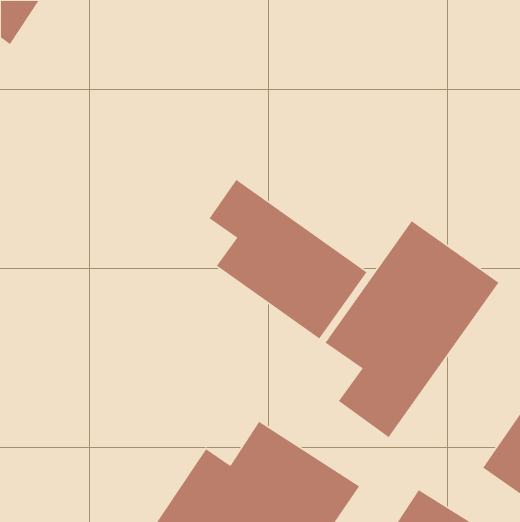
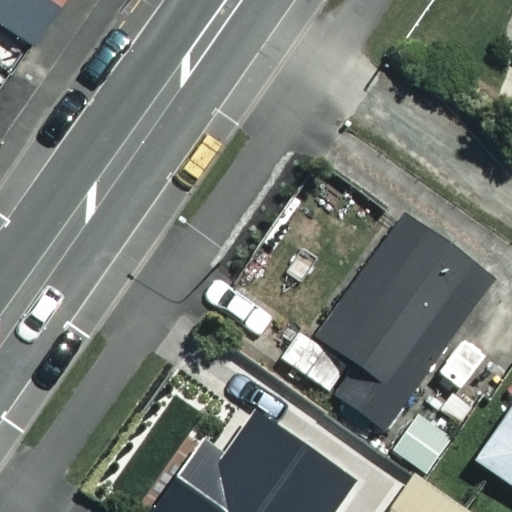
building: [208,179,368,340] -> none

